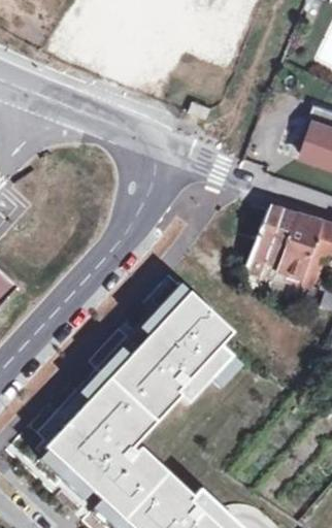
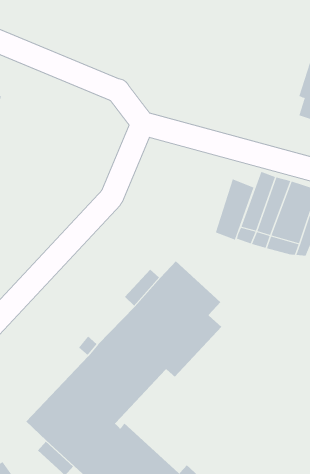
building: none -> [215,179,254,240]

